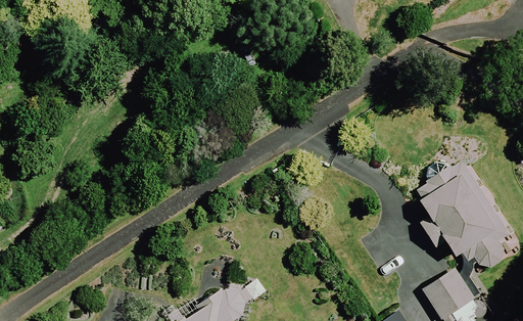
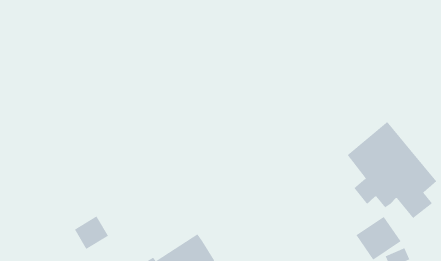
building: none -> [74,215,109,250]

